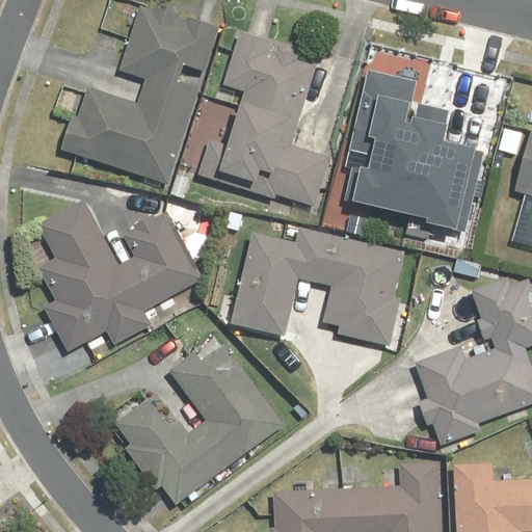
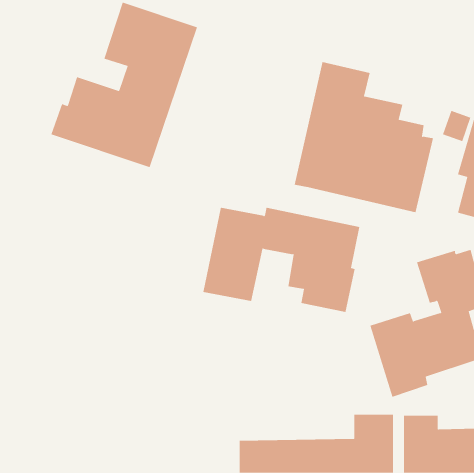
building: [197,30,330,207] -> none
building: [36,201,205,349] -> none
building: [114,332,285,504] -> none

